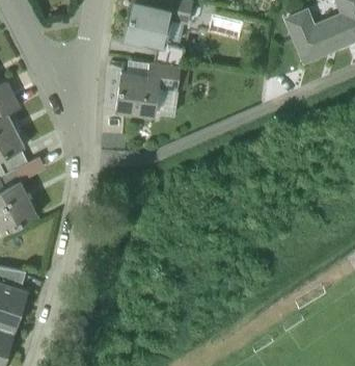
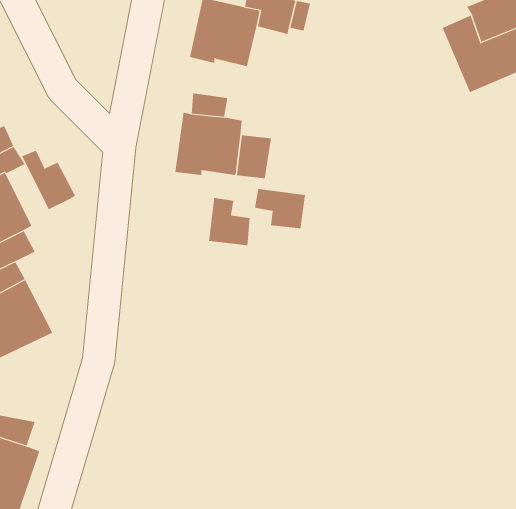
building: [147,64,181,90] -> [254,188,306,229]
building: none -> [21,150,76,210]
building: none -> [208,197,250,246]

